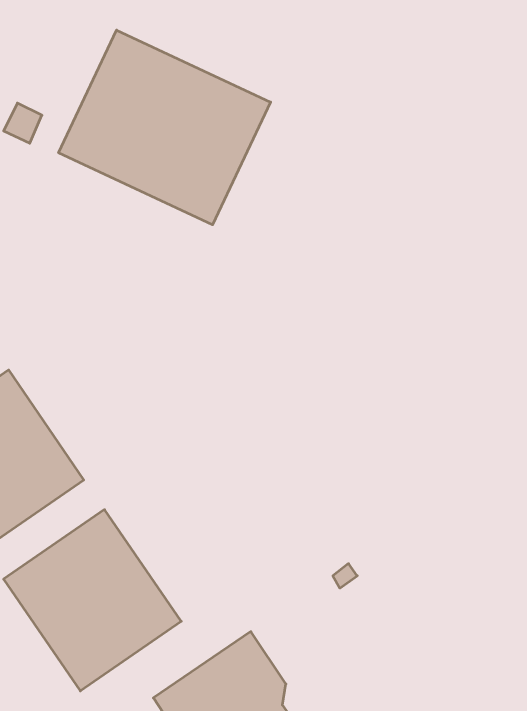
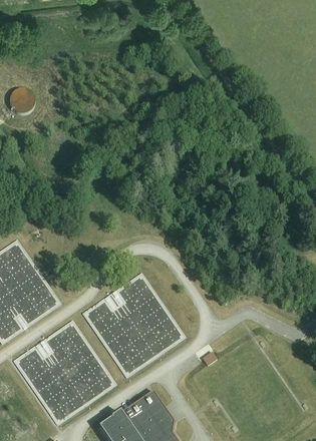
building: [59,30,271,225] -> none
building: none -> [82,273,185,376]

